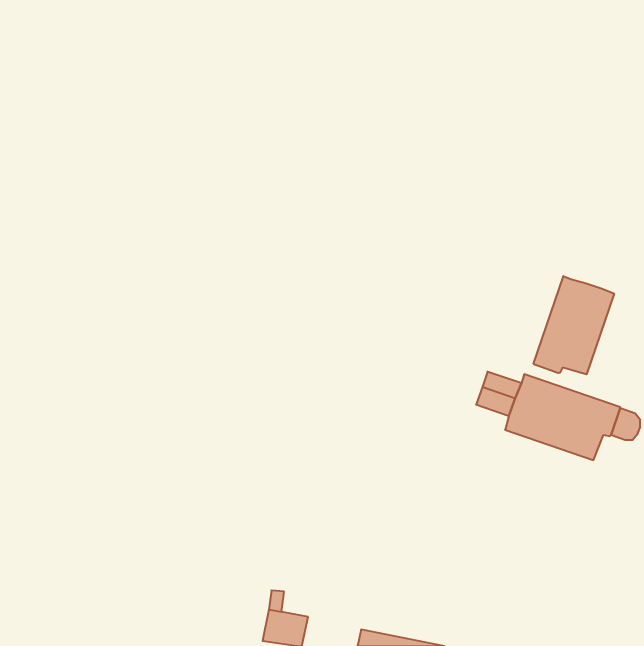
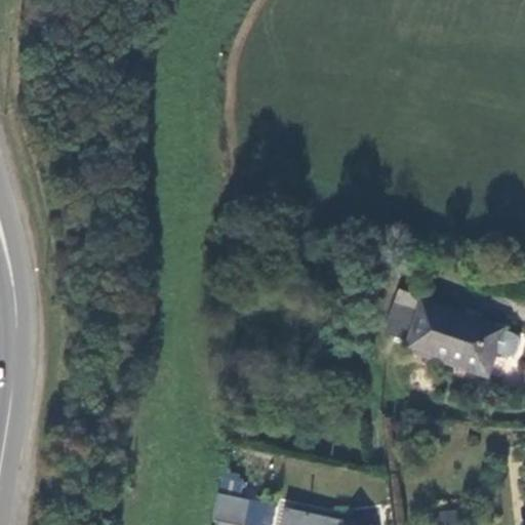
building: [533,276,614,374] -> none

